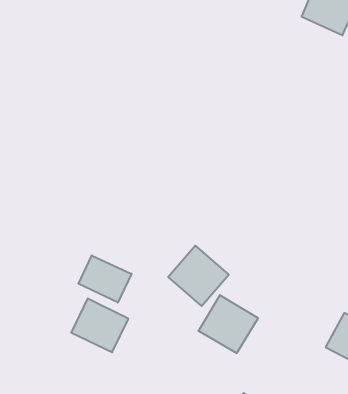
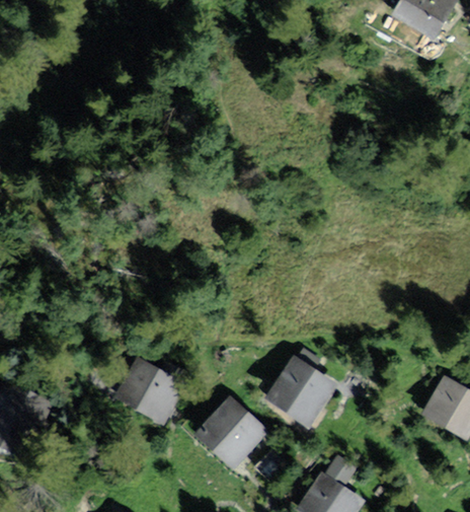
building: [168,246,229,306] -> [197,394,268,466]
building: [78,255,132,303] -> none

